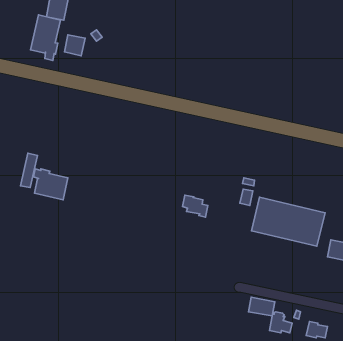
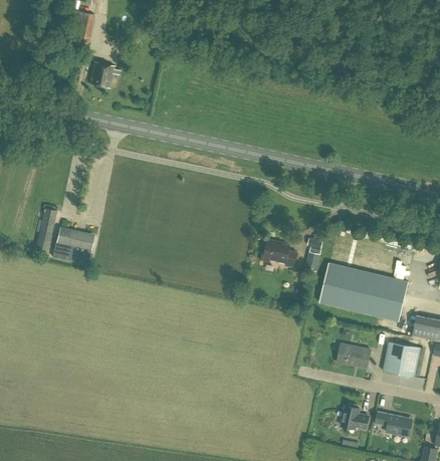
building: [31,15,61,61] -> none
building: [183,195,208,217] -> [264,239,295,266]
building: none -> [382,340,419,376]
building: [249,297,275,316] -> [337,343,369,367]

